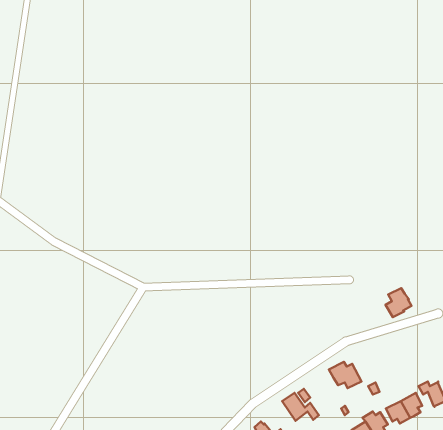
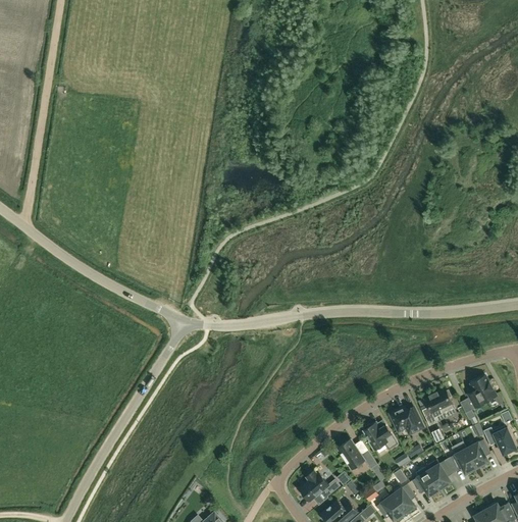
building: [385,288,411,317] -> [469,375,498,407]
building: none -> [423,387,454,424]
building: none -> [364,423,398,450]

